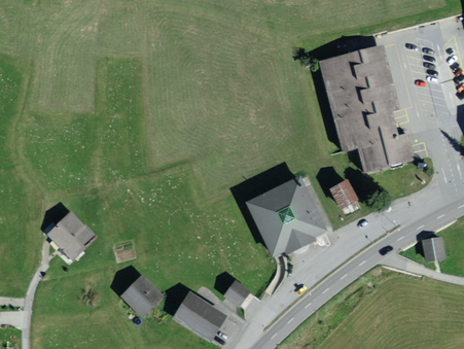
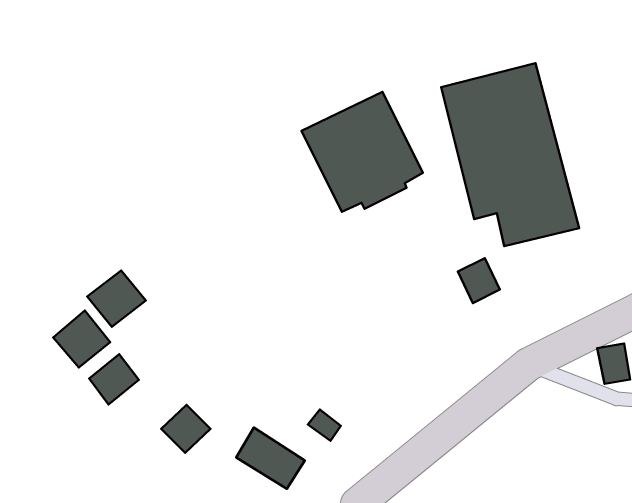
building: [244,175,327,257] -> [301,92,423,212]
building: none -> [87,270,146,327]
building: none -> [89,354,139,404]

